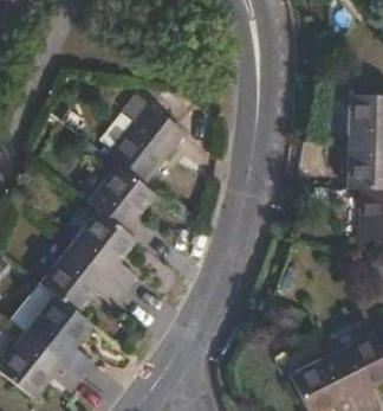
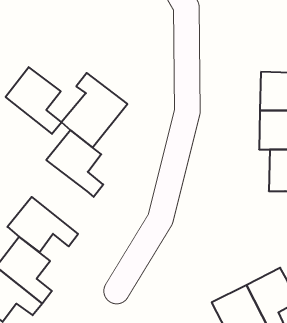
building: [69,210,137,291] -> [6,67,62,134]

